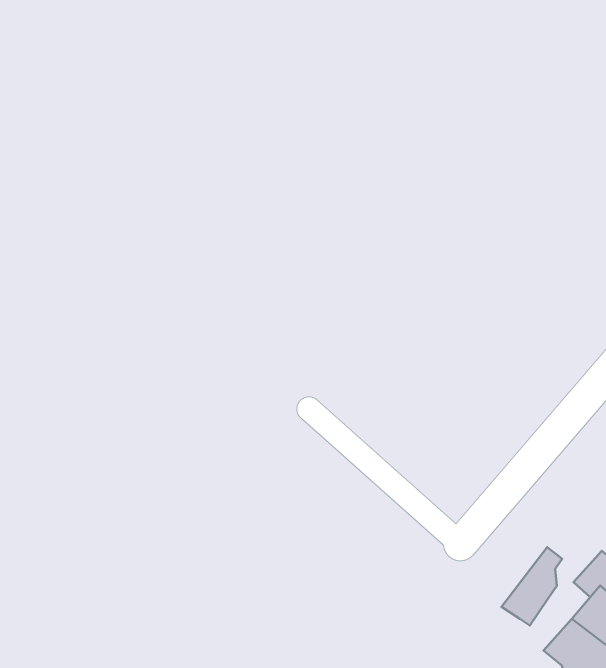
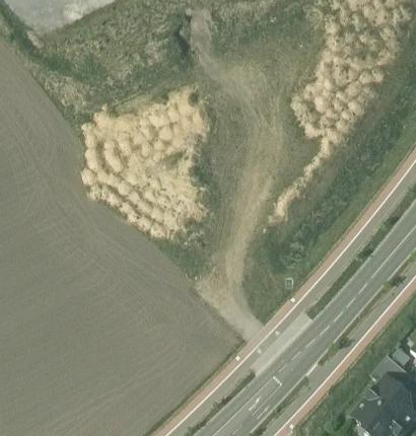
building: [502,547,562,625] -> none

